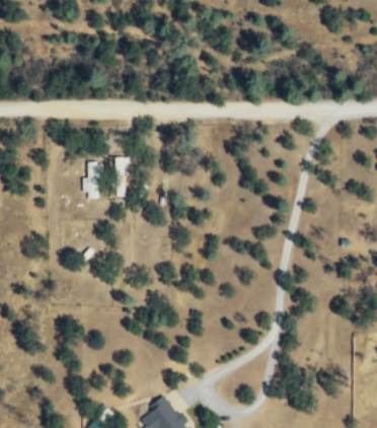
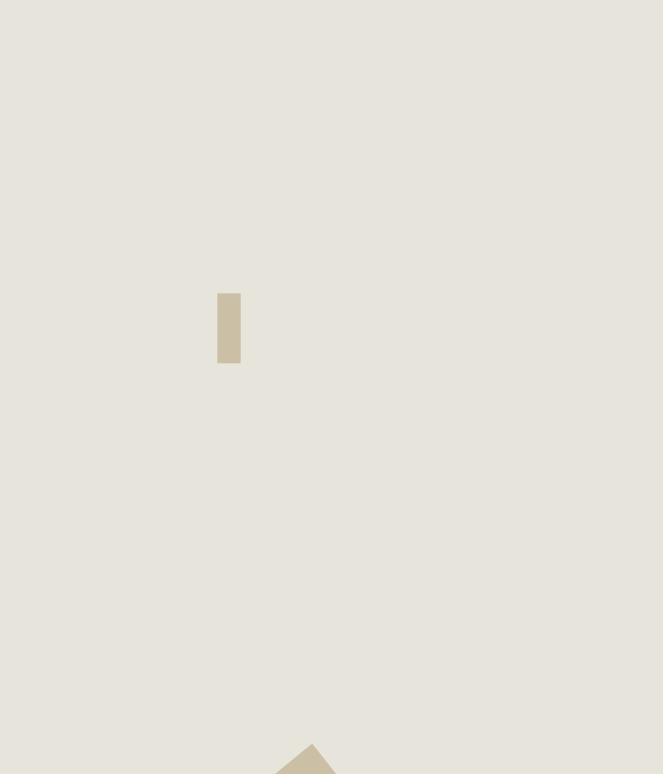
building: [85,162,99,198] -> none

